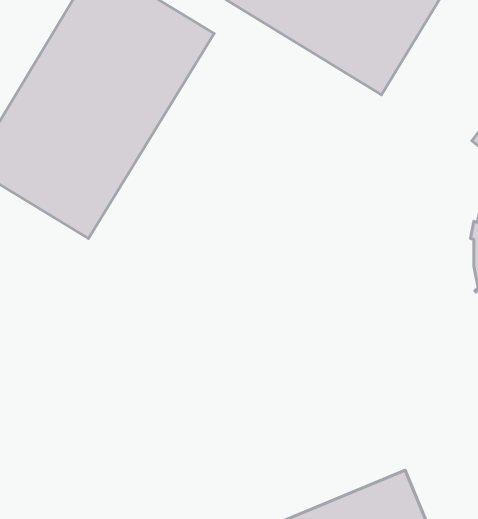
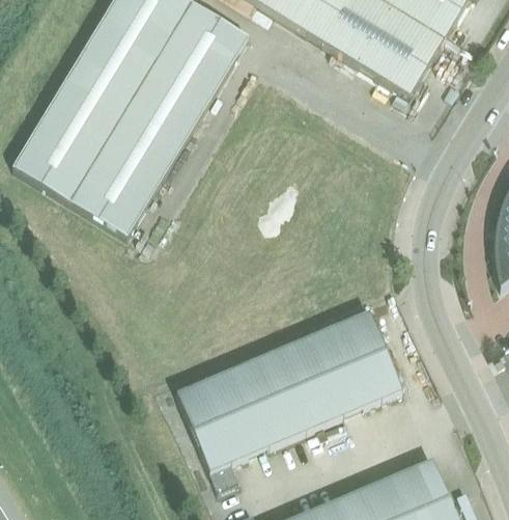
building: none -> [178,309,403,487]

